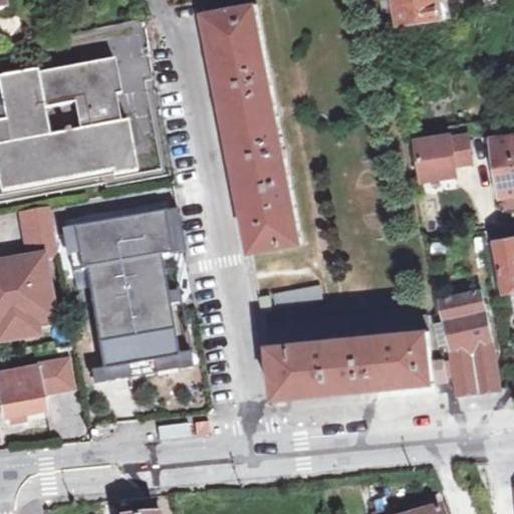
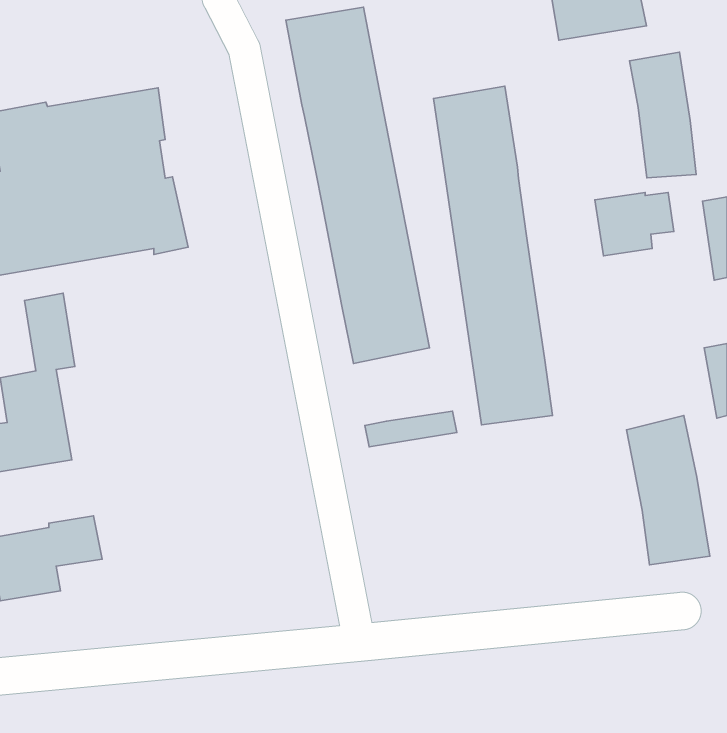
building: none -> [629,52,696,178]
building: none -> [434,86,553,425]
building: [62,215,175,371] -> none
building: [263,317,446,400] -> none

